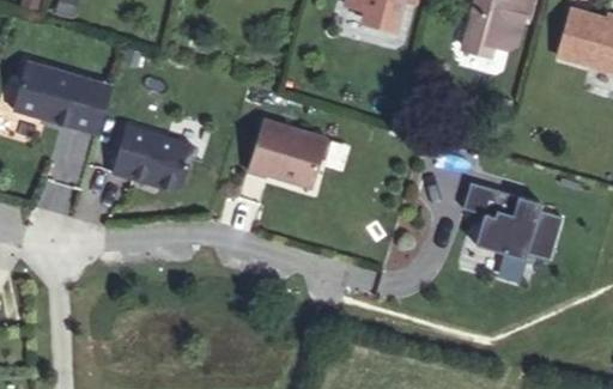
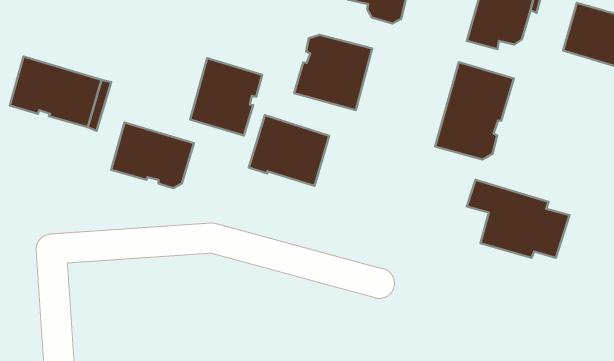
building: none -> [294,35,372,110]
building: none -> [190,58,262,135]
building: none -> [435,62,514,159]

